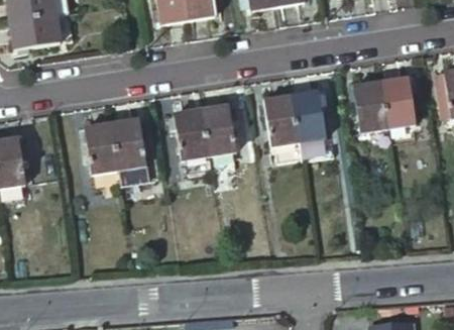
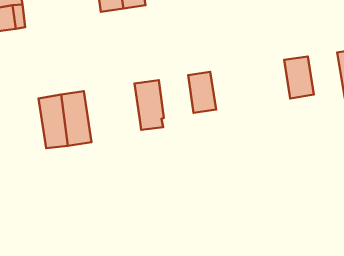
building: [355,80,387,130] -> none
building: [292,89,326,139] -> none
building: [176,108,208,158] -> none

